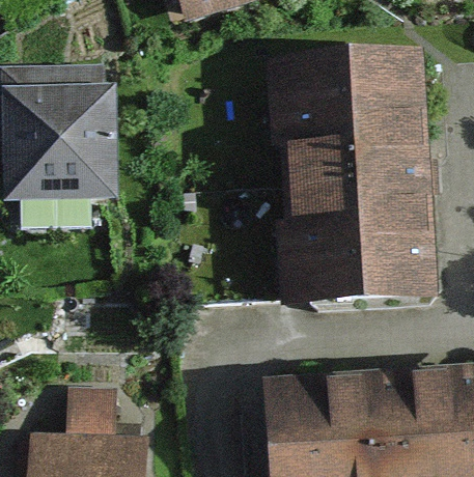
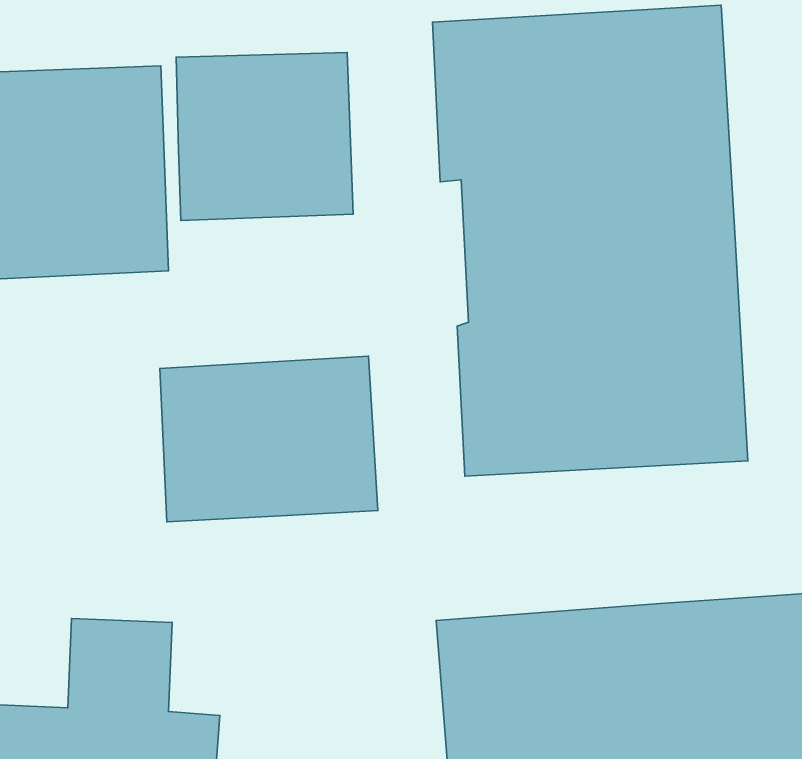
building: none -> [176,53,353,220]
building: none -> [160,356,378,522]

